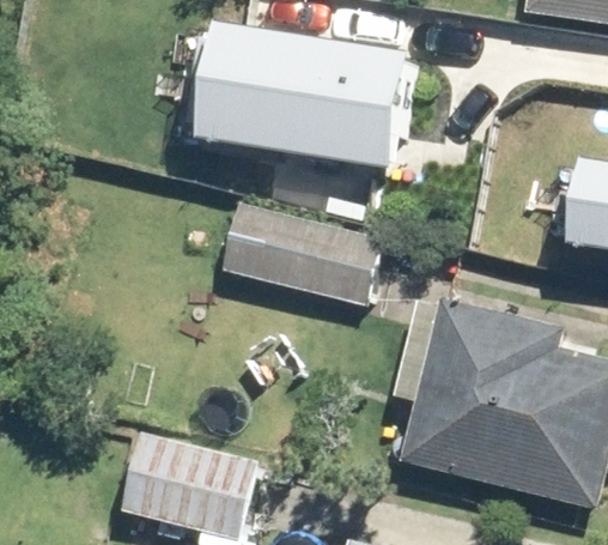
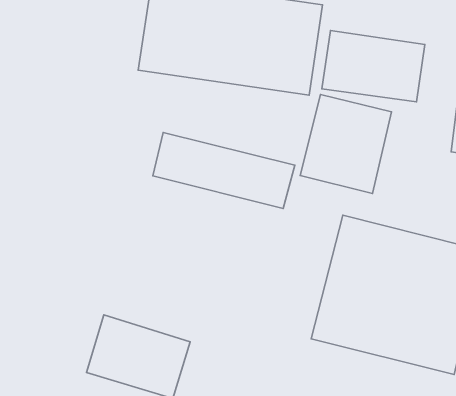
building: none -> [322,31,425,102]
building: none -> [300,94,392,193]

